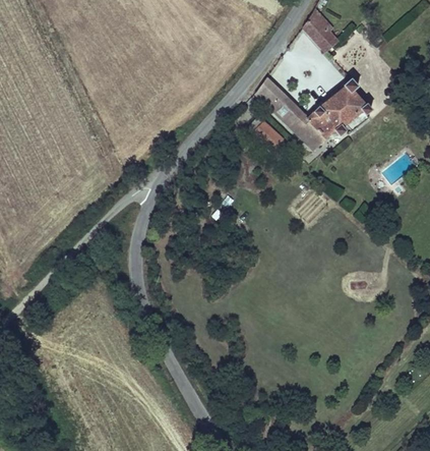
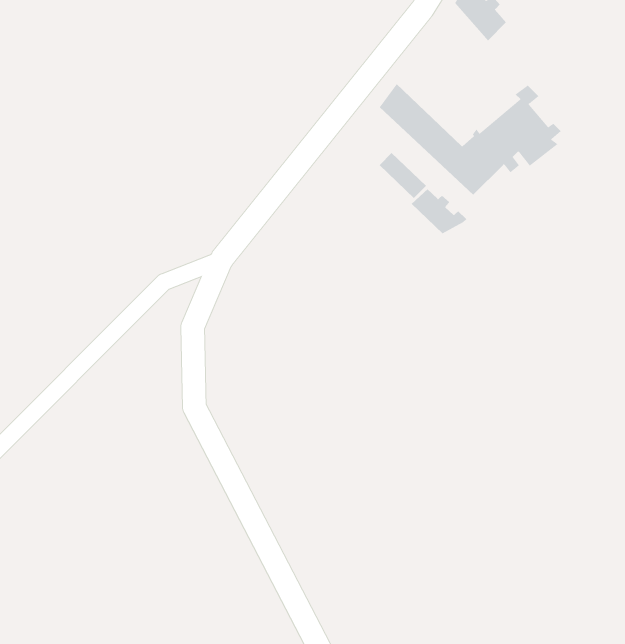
building: none -> [411,189,467,234]

